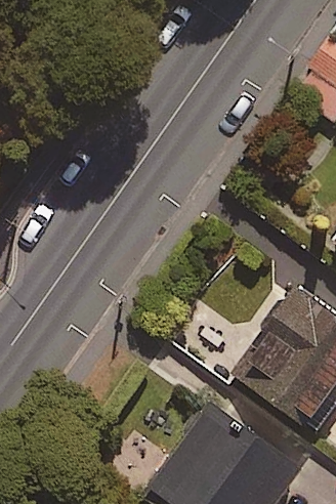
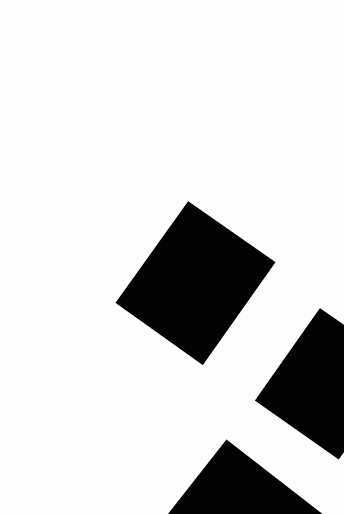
building: none -> [115,200,276,366]

